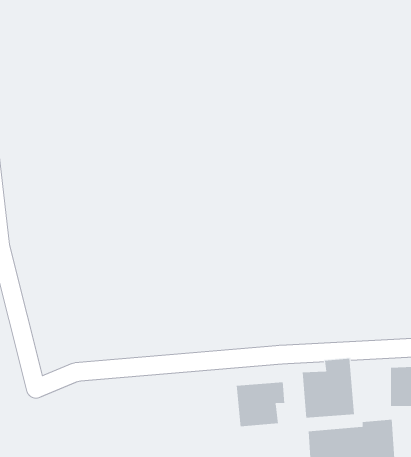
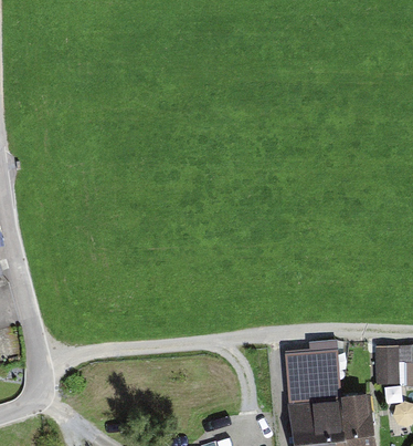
building: [236,381,285,427] -> none

